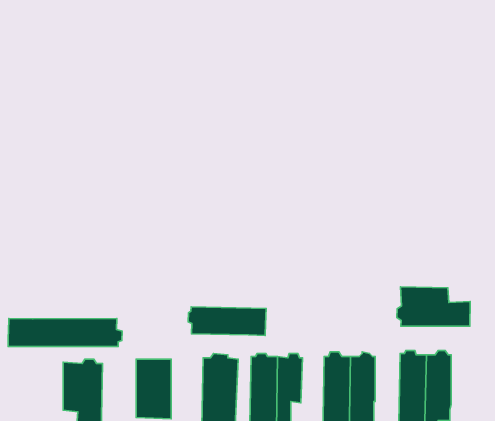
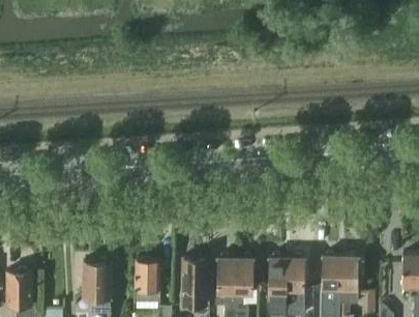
building: [397,287,470,326] -> none
building: [188,307,266,335] -> none
building: [8,318,122,347] -> none

